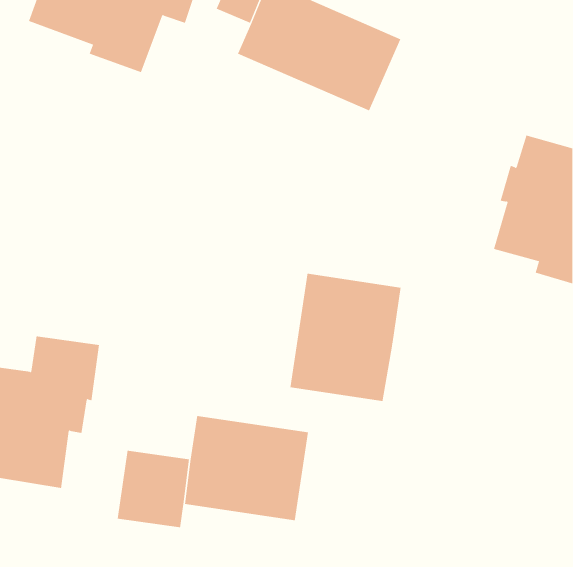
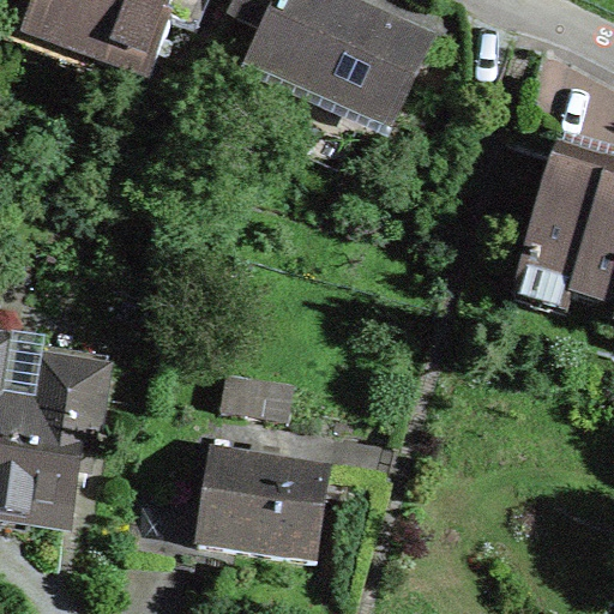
building: [290,273,401,402] -> none

